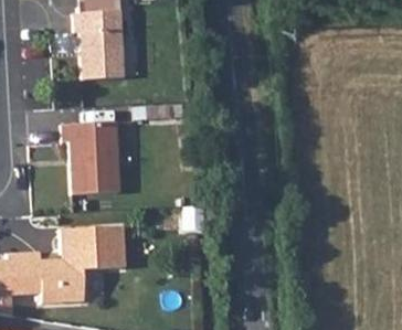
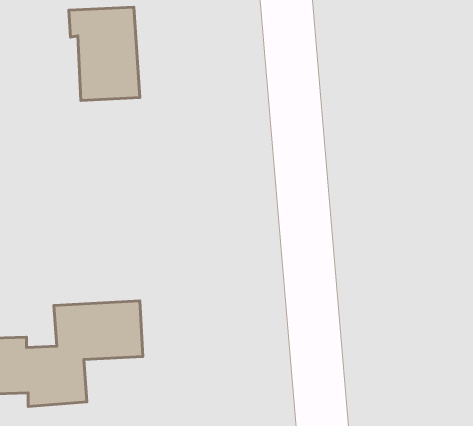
building: [61,121,118,195] -> none

